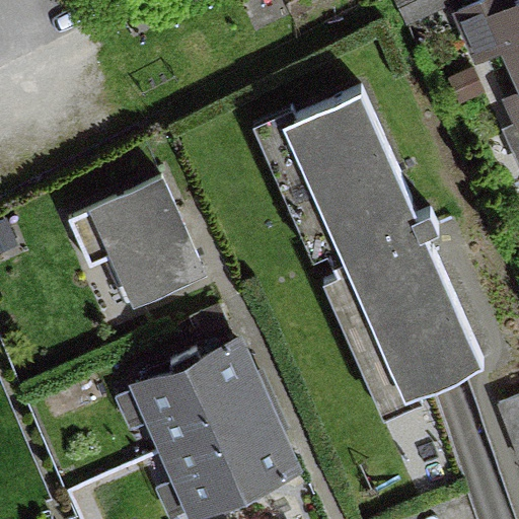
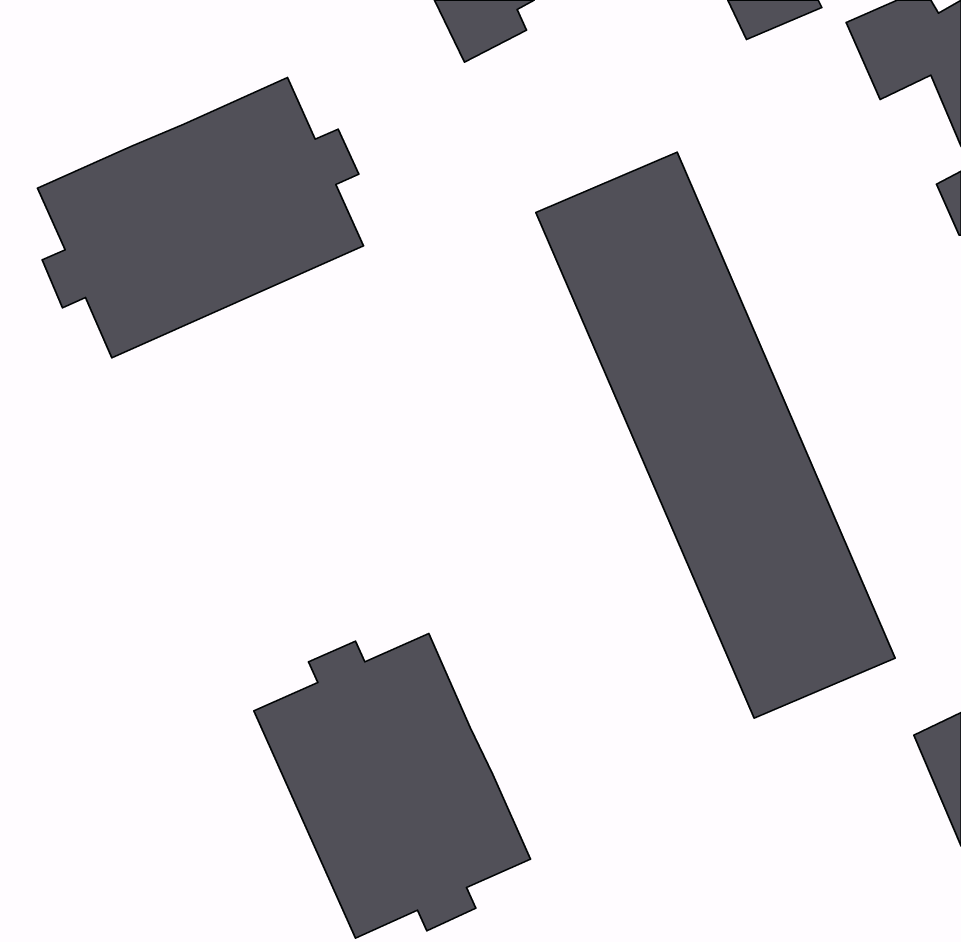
building: none -> [37,78,363,358]
building: [65,186,199,307] -> none

